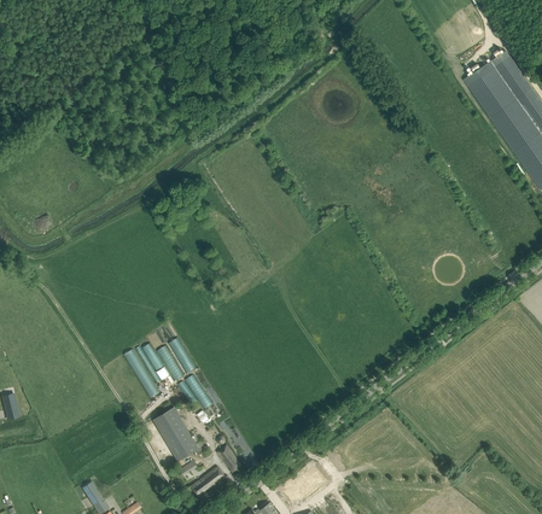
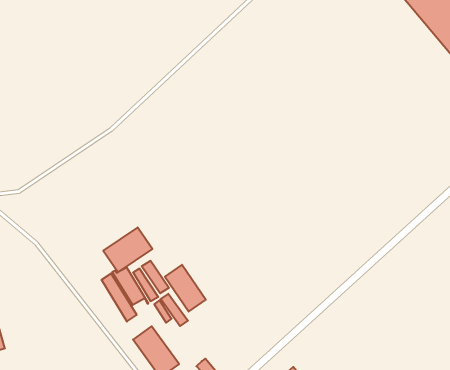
building: none -> [103,227,152,272]
building: none -> [165,265,206,312]

